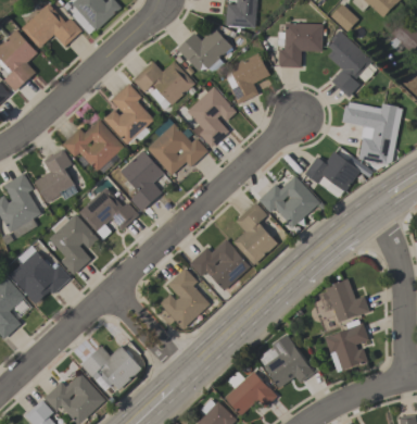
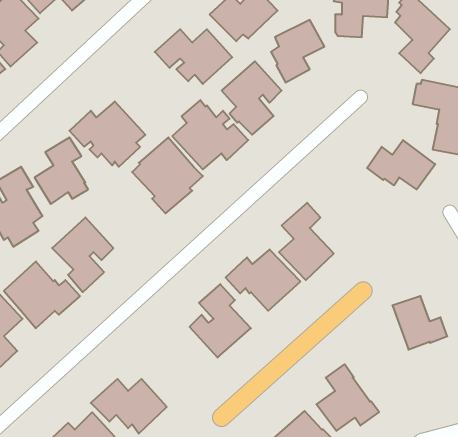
building: [104,83,154,144] -> none
building: [258,175,320,227] -> none
building: [79,187,139,239] -> none
building: [325,322,370,372] -> none

